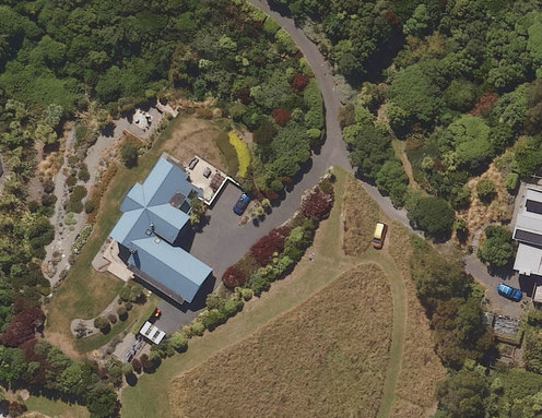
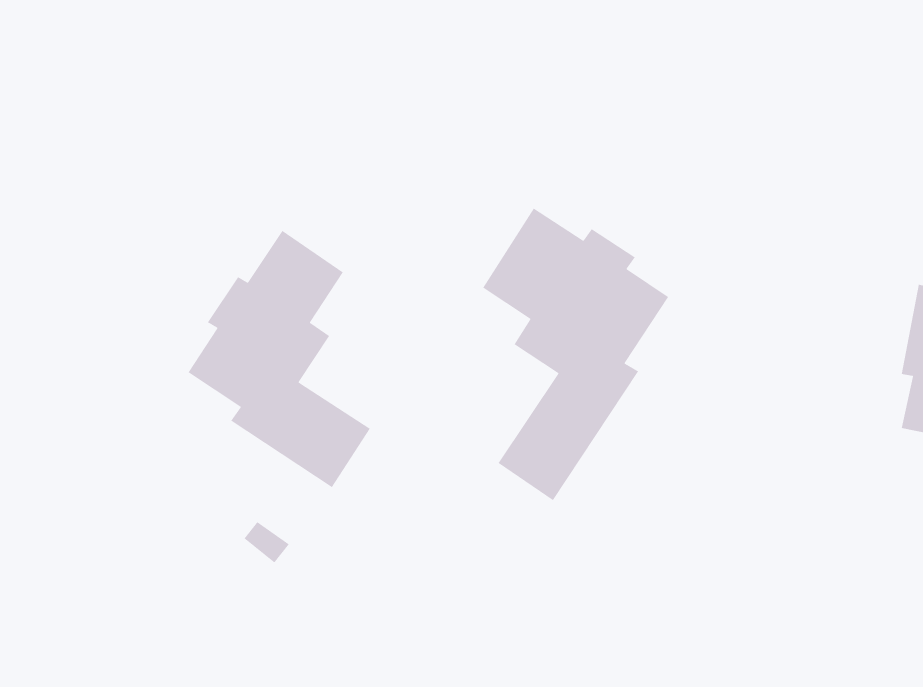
building: none -> [482,208,669,501]

